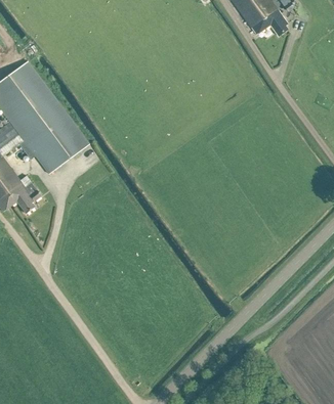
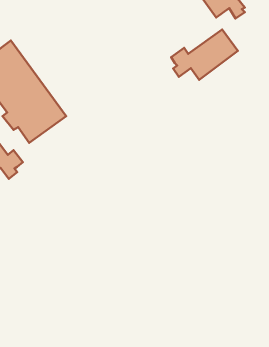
building: none -> [171,29,238,80]

